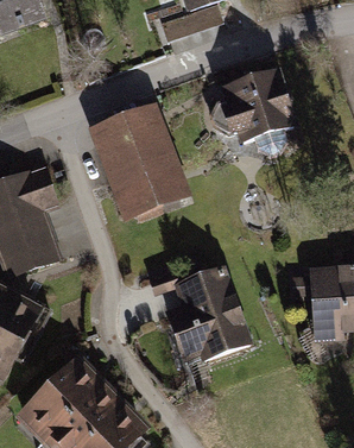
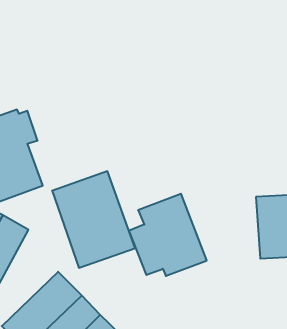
building: [222,67,299,141] -> none
building: [90,102,187,214] -> [52,171,135,268]

